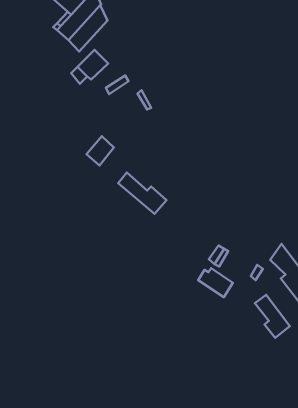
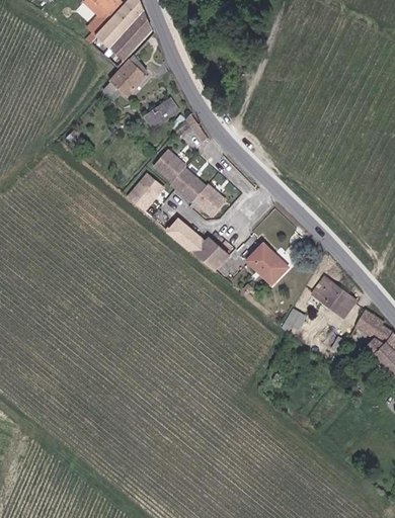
building: none -> [155,147,224,214]
building: none -> [248,243,285,282]
building: [198,268,233,297] -> [313,280,357,317]
building: [255,295,290,338] -> none

